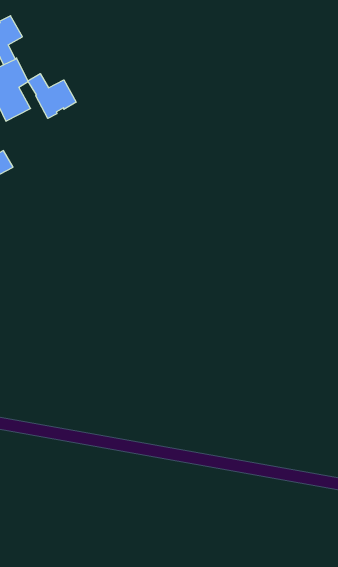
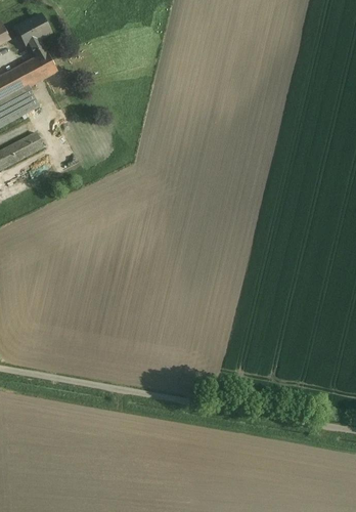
building: [28,74,76,118] -> none

